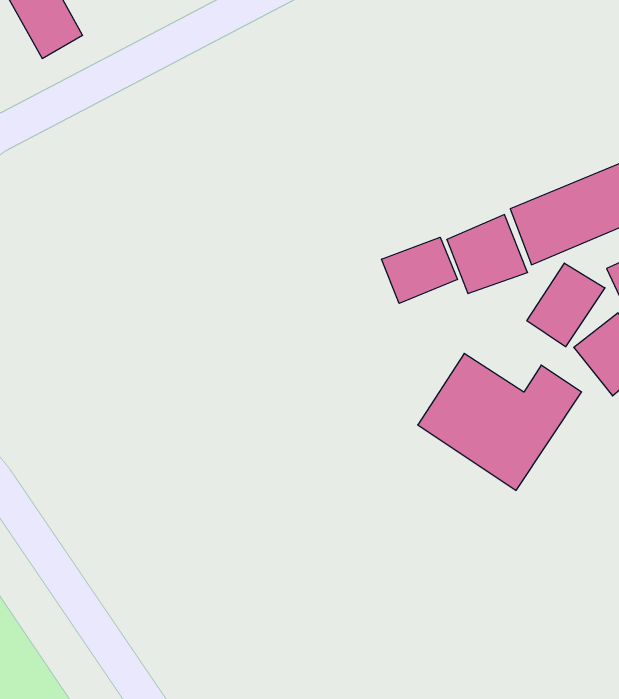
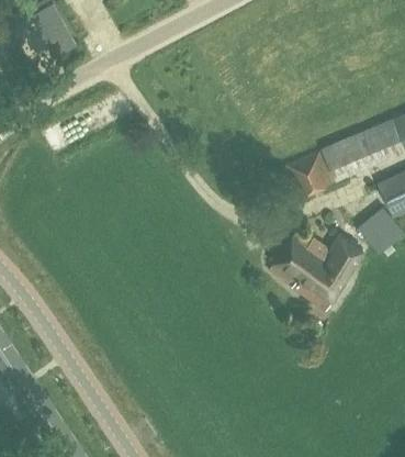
building: [382,237,457,303] -> none
building: [527,263,605,347] -> none

